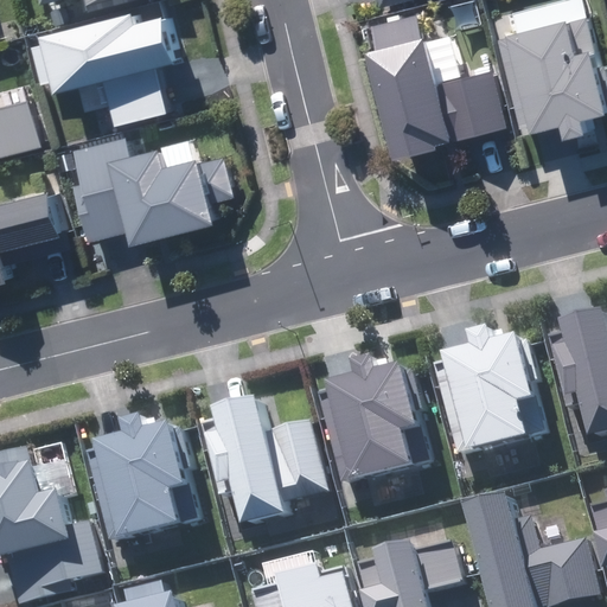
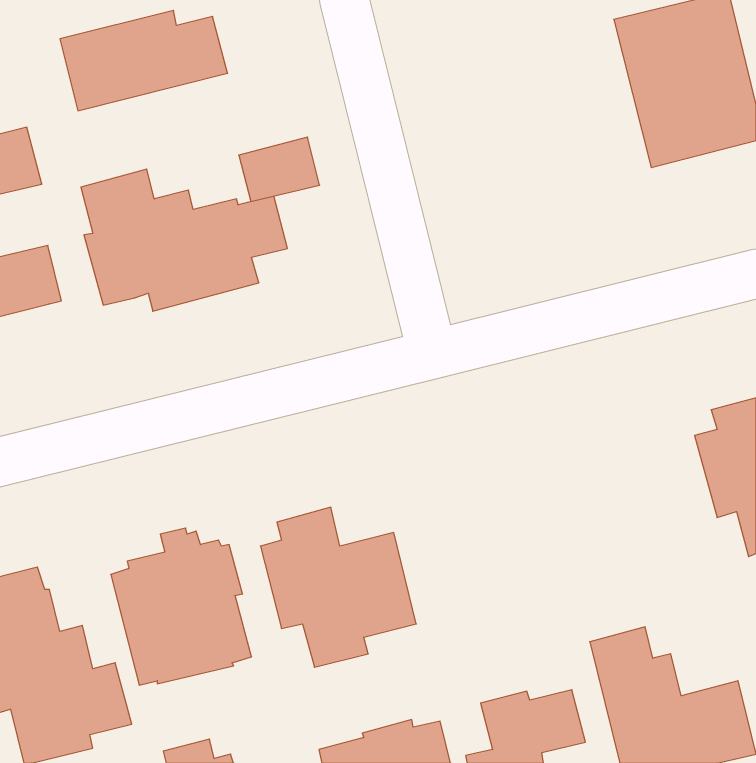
building: [365,12,506,154] -> none
building: [107,71,171,122] -> [239,137,320,201]
building: [434,331,545,455] -> none
building: [319,359,429,484] -> none

